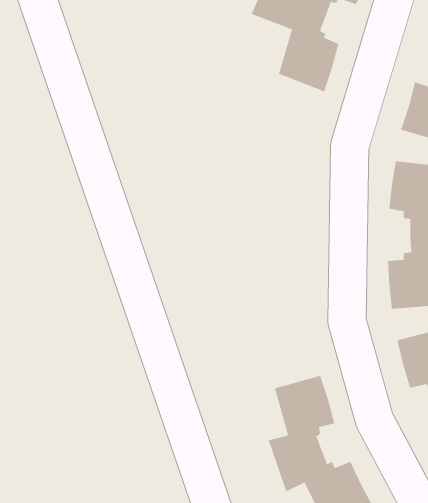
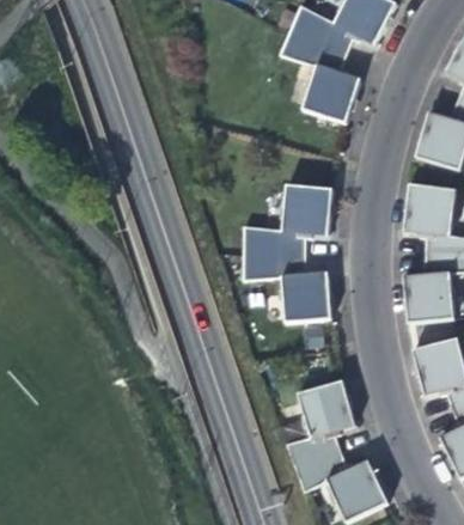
building: none -> [246,187,331,321]

